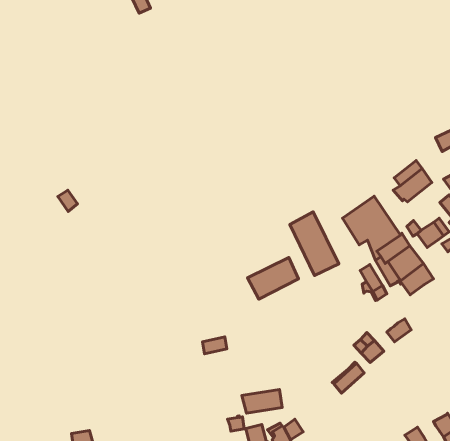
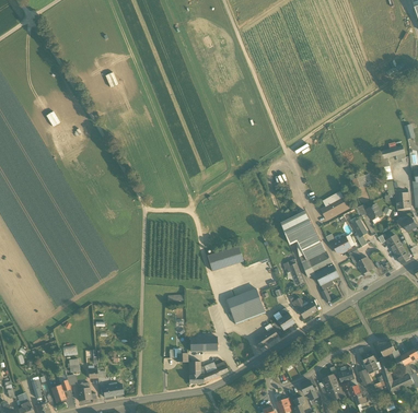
building: [290,212,339,275] -> none
building: none -> [225,288,265,323]

